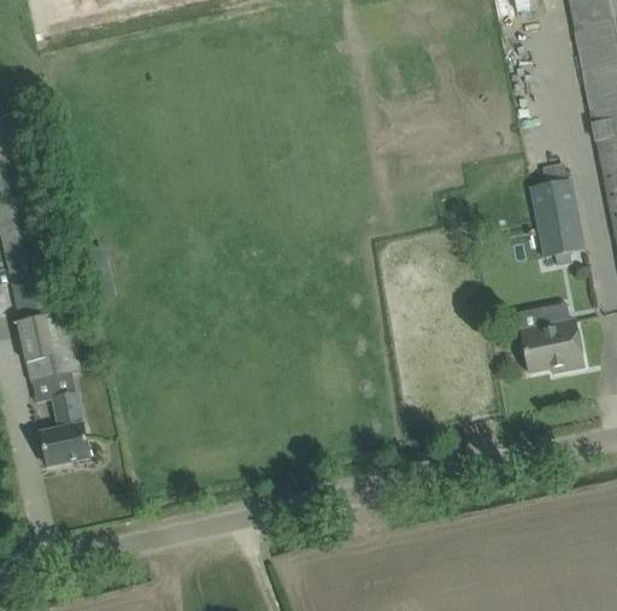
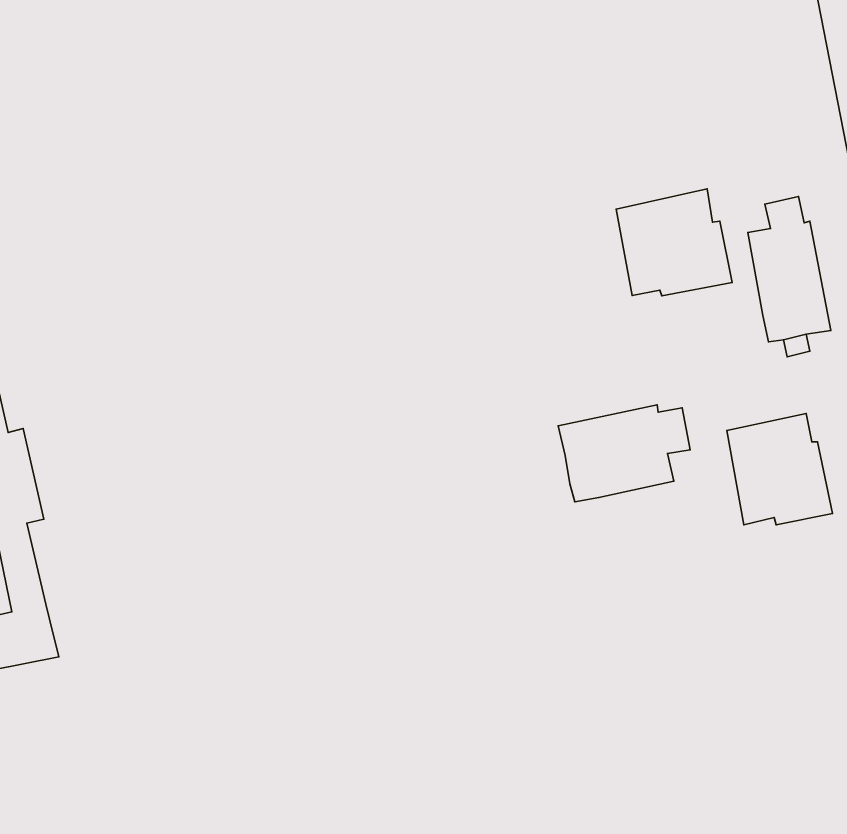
building: none -> [616,189,732,296]
building: none -> [558,405,690,502]

